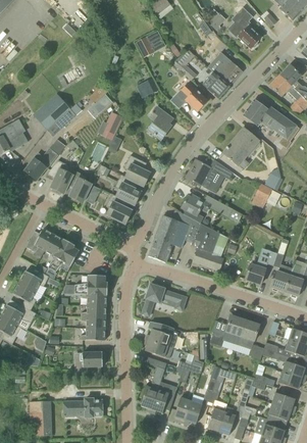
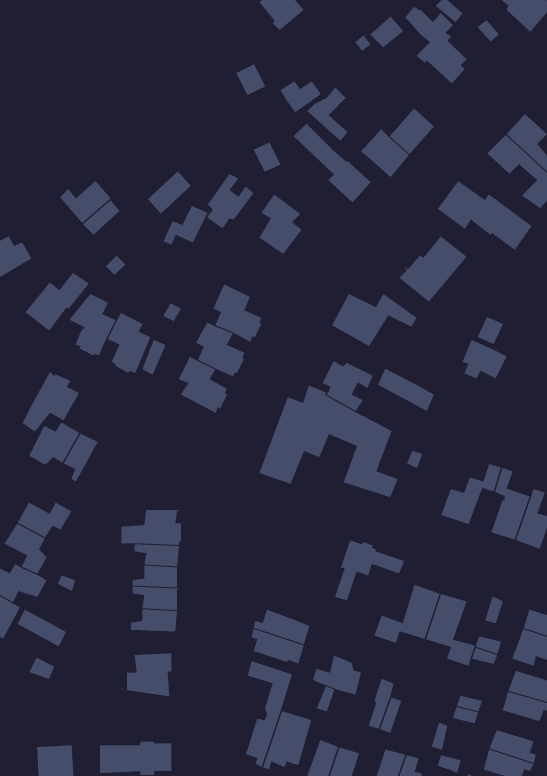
building: none -> [206,173,254,230]
building: [48,238,80,272] -> [22,369,81,433]
building: [142,283,180,315] -> [334,540,405,601]

